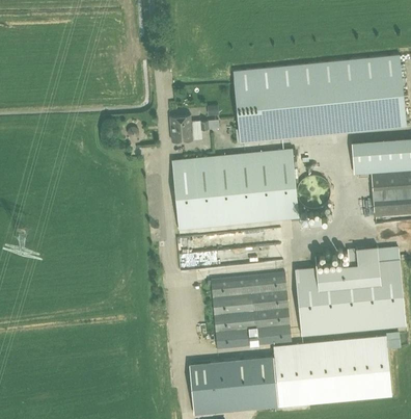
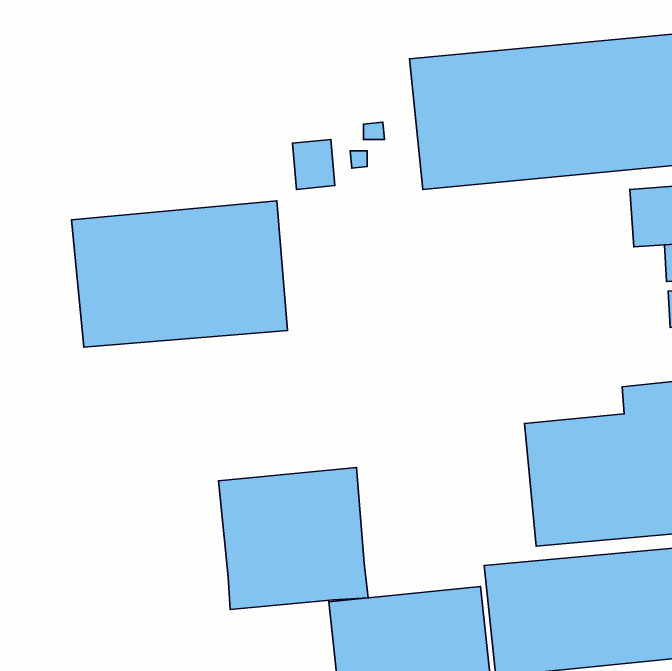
building: [172,148,299,229] -> none
building: none -> [72,201,288,347]
building: [211,272,292,349] -> [219,467,368,609]

